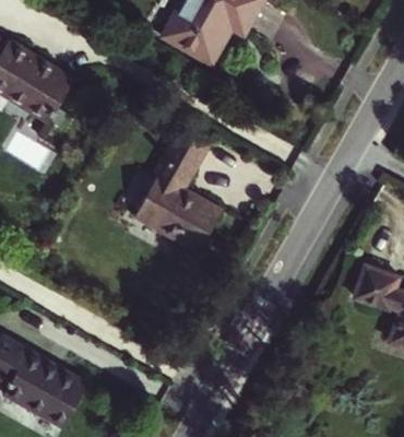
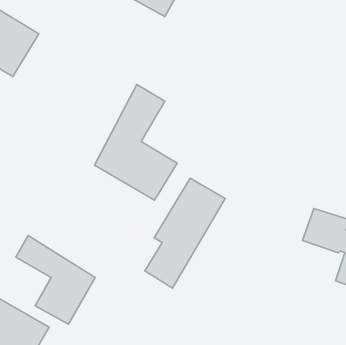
building: none -> [145,178,225,288]
building: none -> [16,235,95,324]

